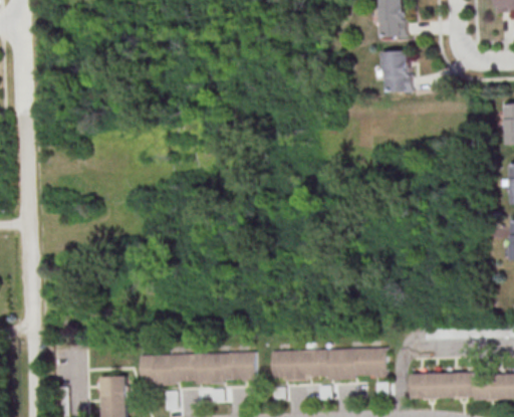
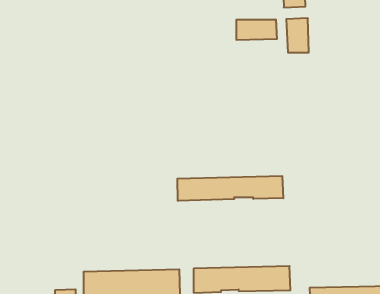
building: none -> [236,19,277,40]
building: none -> [177,176,283,201]

